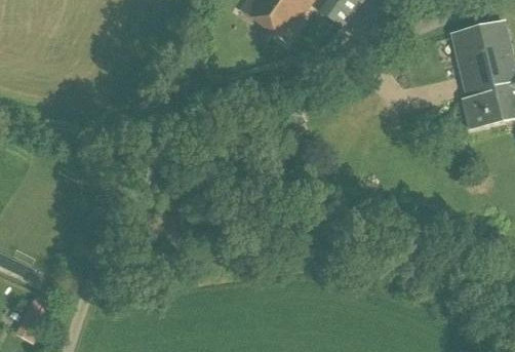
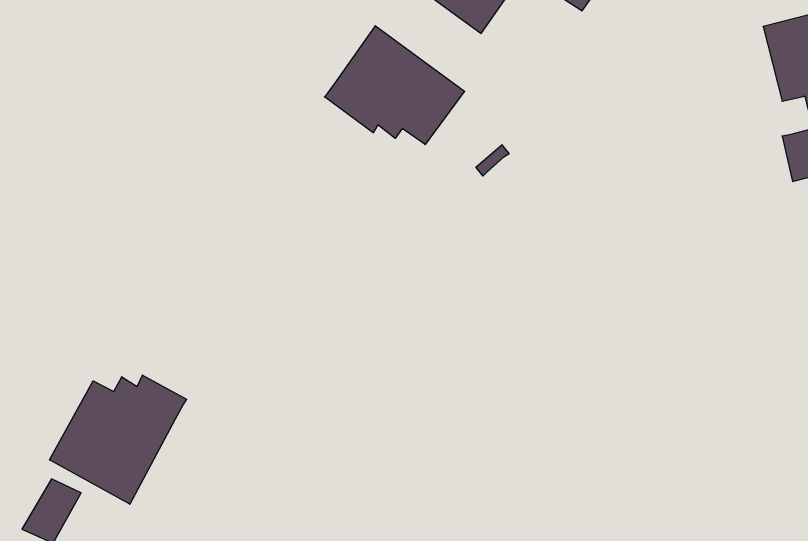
building: none -> [324,26,465,145]
building: none -> [49,375,187,504]

